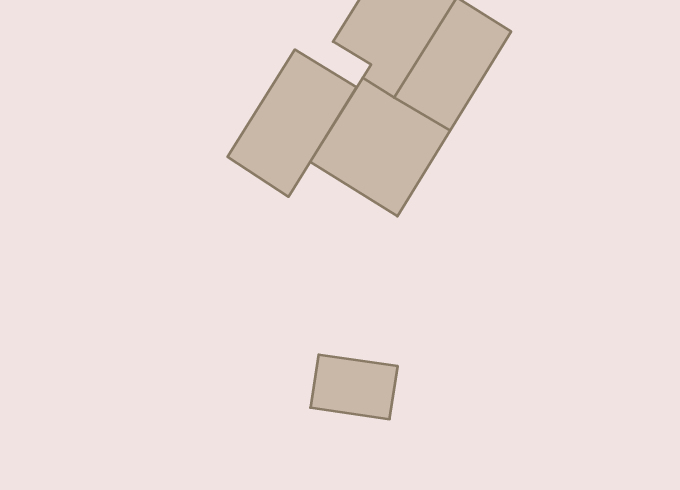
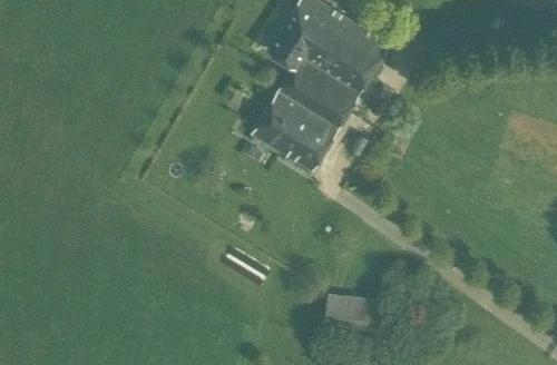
building: [228,50,357,197] -> none
building: [310,355,398,419] -> [322,293,381,336]

